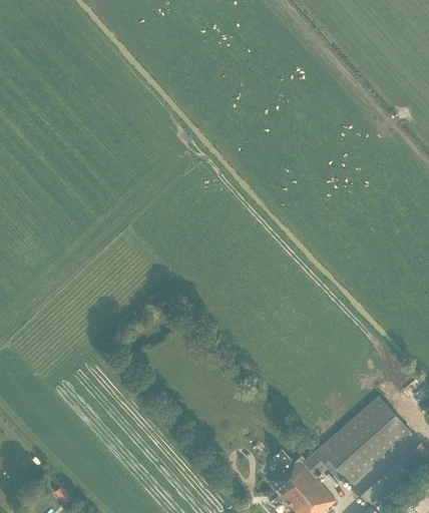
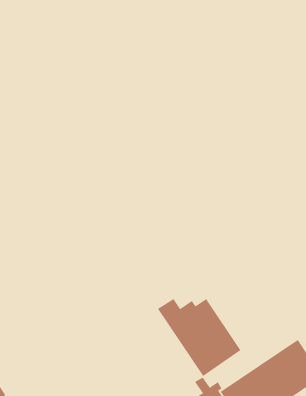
building: none -> [157,298,241,377]

